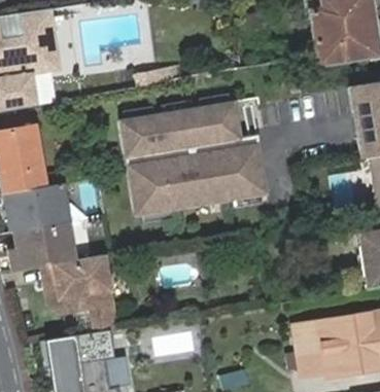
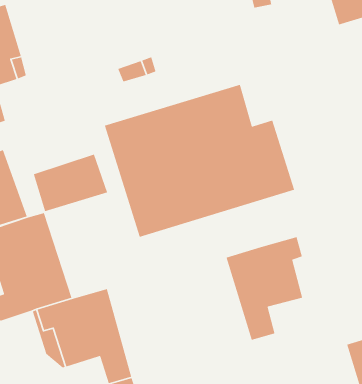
building: none -> [33,153,108,212]
building: none -> [225,236,303,341]

